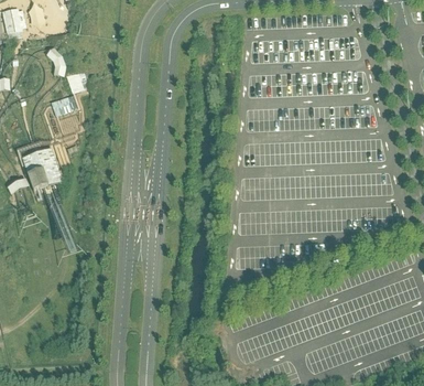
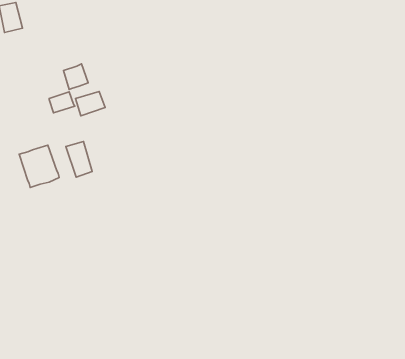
building: none -> [76,91,105,116]
building: none -> [66,141,92,177]

